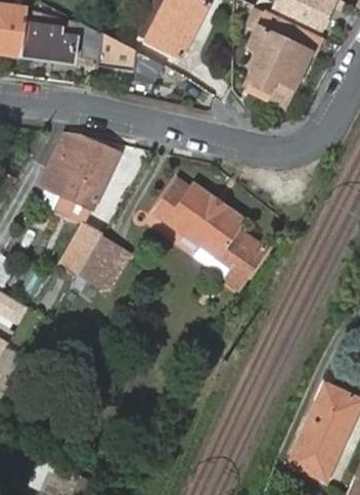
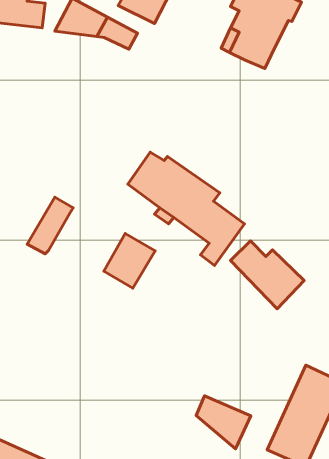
building: [41,134,119,209] -> none
building: [79,238,128,290] -> [104,234,155,288]
building: none -> [230,241,304,309]
building: none -> [196,396,251,449]

